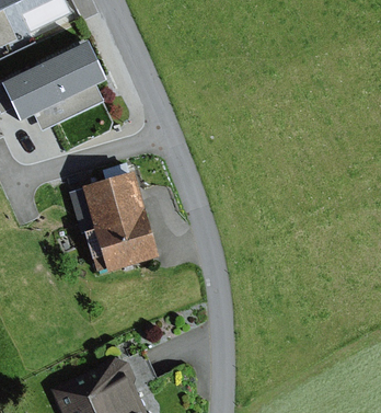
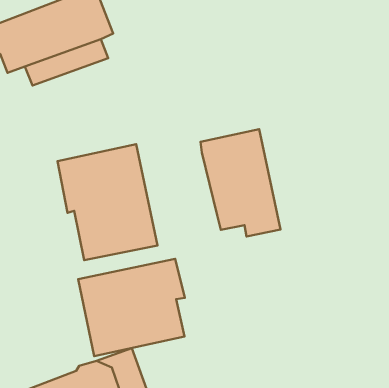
building: none -> [201,129,280,237]
building: none -> [78,259,185,356]

